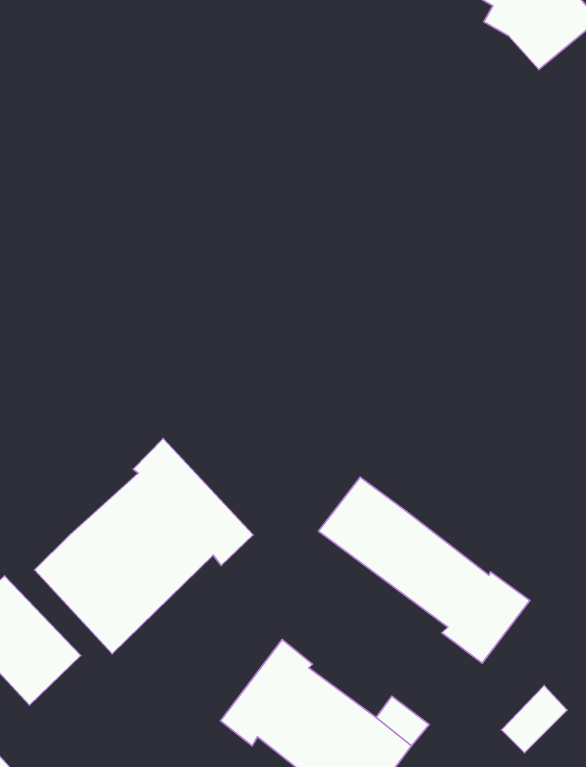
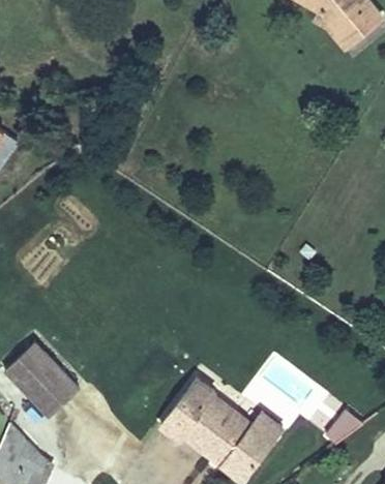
building: [35,438,253,654] -> none
building: [318,477,530,663] -> none

